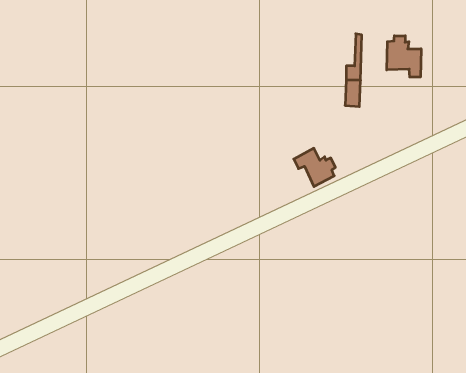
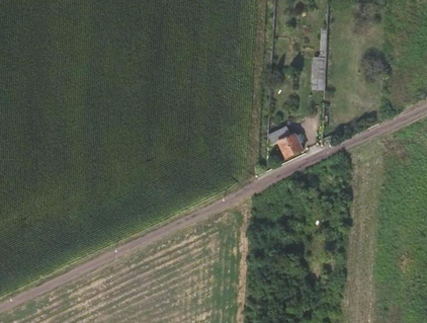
building: [387,36,421,77] -> none

